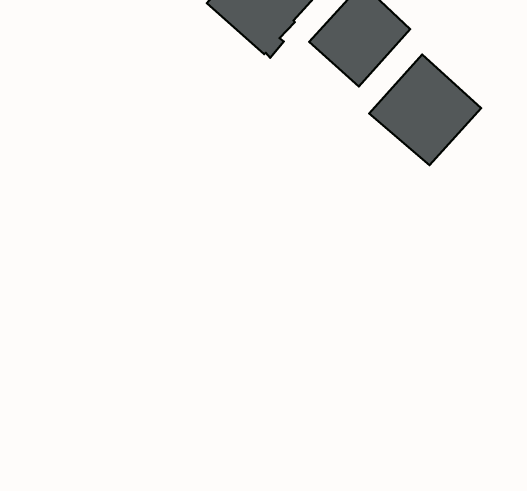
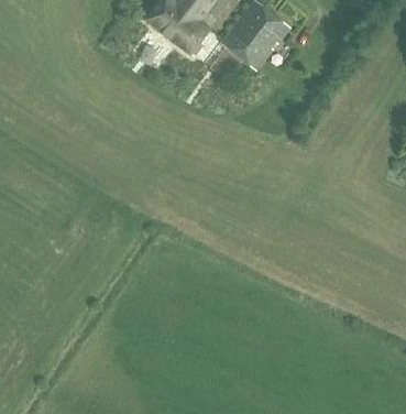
building: [369,55,481,165] -> none

